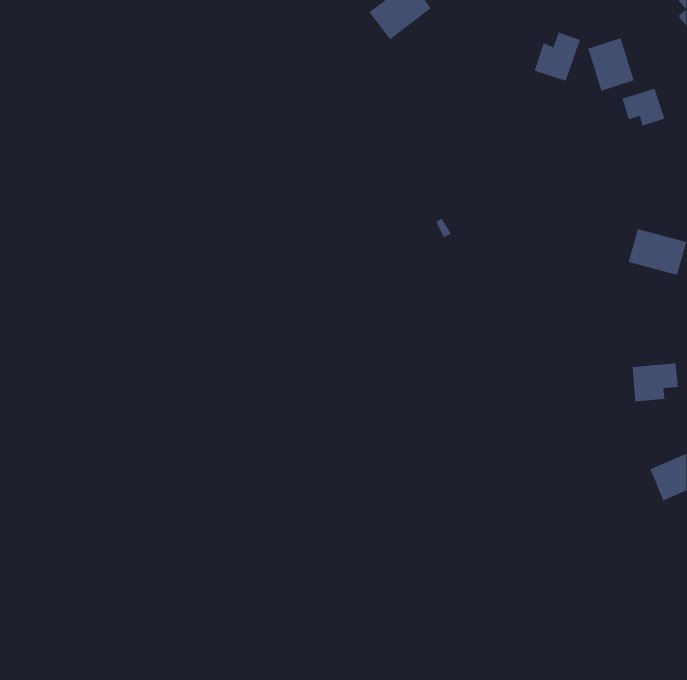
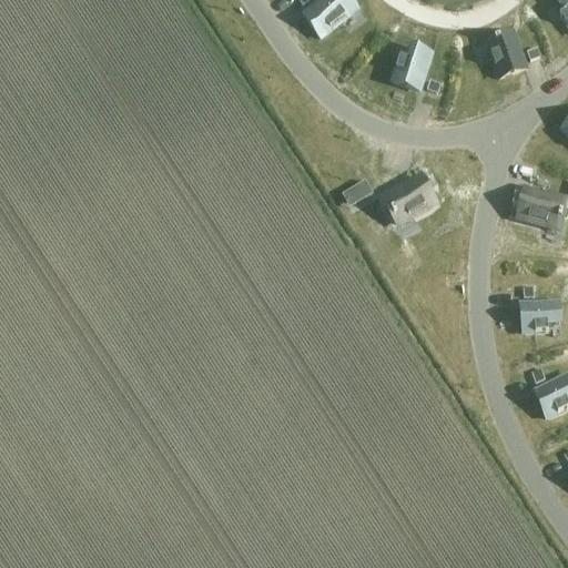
building: [534,32,581,81] -> [393,47,432,88]
building: [622,88,665,126] -> none
building: none -> [384,175,435,222]

